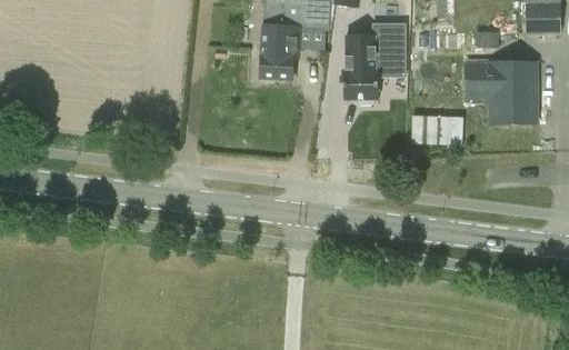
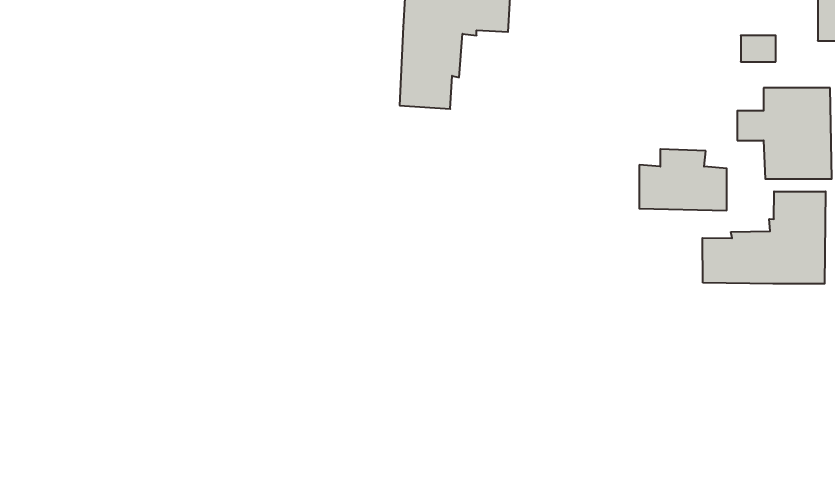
building: [343,24,405,104] -> none
building: none -> [702,191,826,284]

